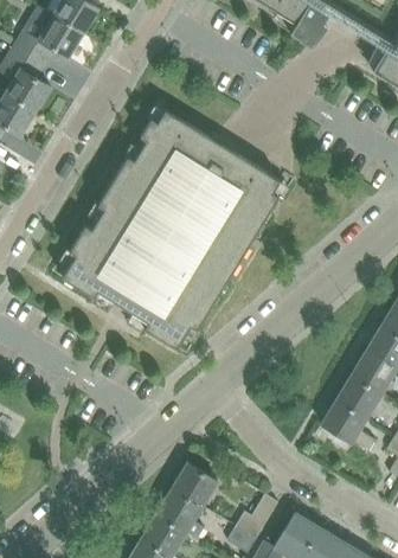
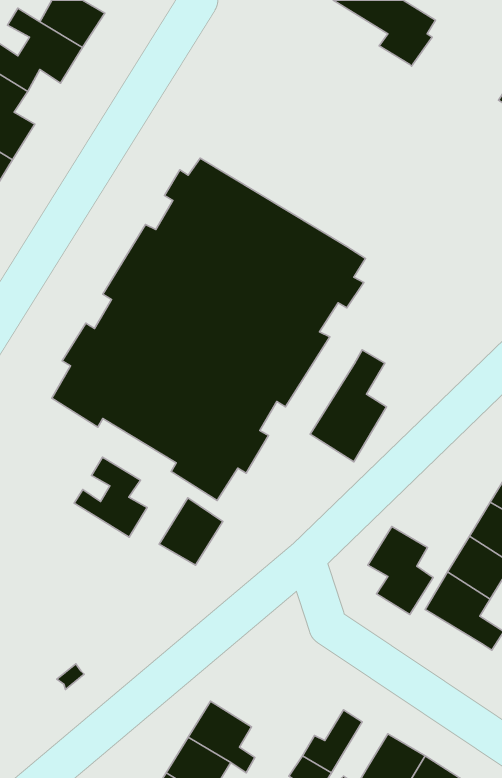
building: none -> [310,350,386,462]
building: none -> [74,457,147,537]
building: none -> [159,498,223,565]
building: none -> [368,526,433,614]
building: [172,462,216,506] -> none

